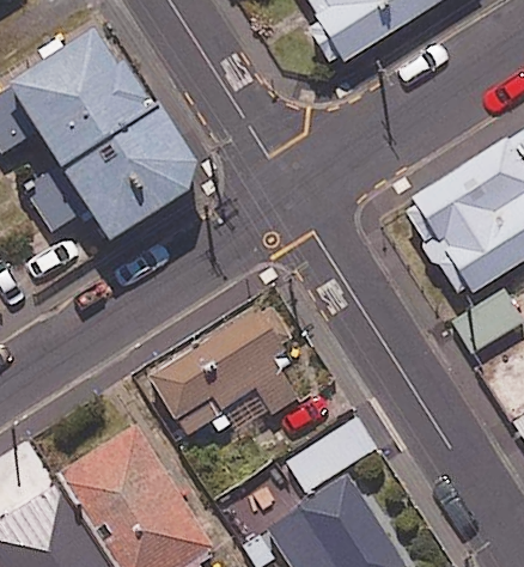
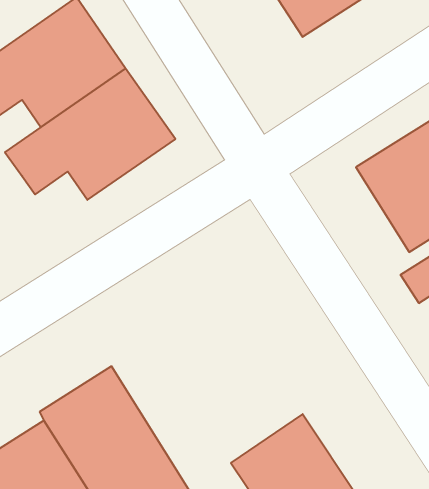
building: [147,303,298,440] -> none

